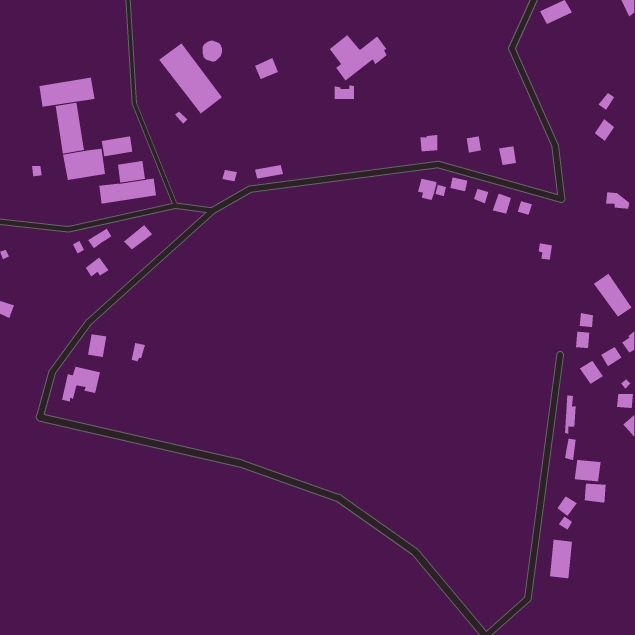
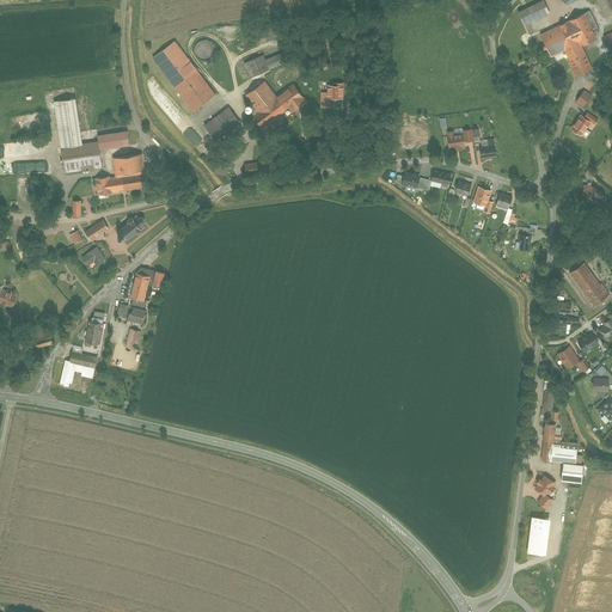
building: none -> [539,13,594,76]
building: [329,34,387,81] -> [246,82,302,128]
building: [39,77,95,108] -> none
building: none -> [203,106,239,141]
building: none -> [117,265,164,322]

